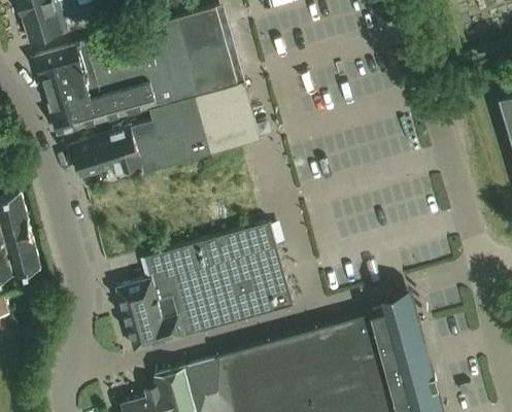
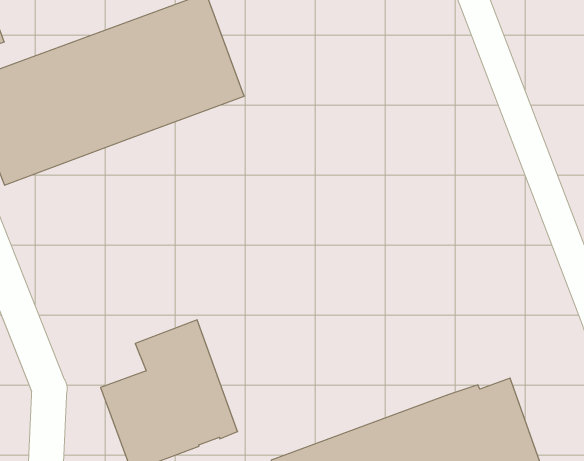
building: [69,83,260,179] -> none
building: [190,222,292,329] -> none

